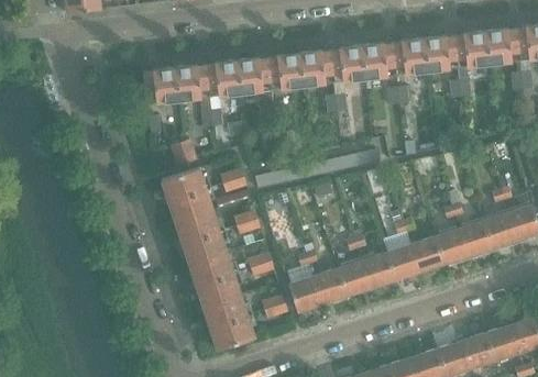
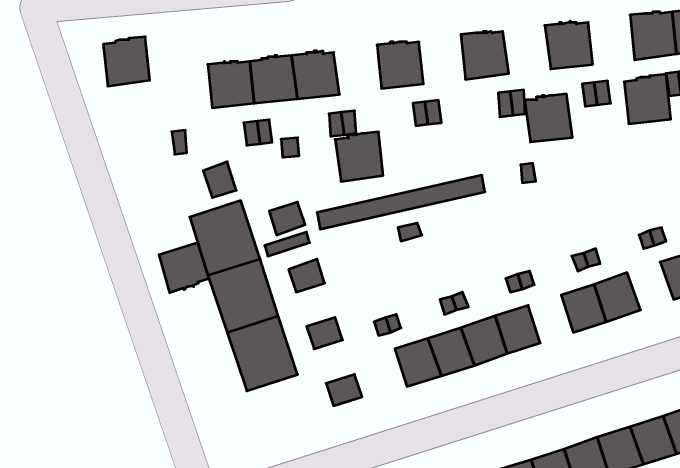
building: [454,31,488,67] -> [624,74,671,124]
building: [392,38,427,74] -> [524,94,572,142]
building: [330,45,364,81] -> none
building: [267,53,303,89] -> [335,132,383,181]
building: [144,67,178,103] -> [103,37,150,86]
building: none -> [159,242,209,293]
building: [483,212,517,247] -> none
building: [410,236,443,271] -> none
building: [288,276,321,312] -> none
building: [204,295,255,350] -> none

